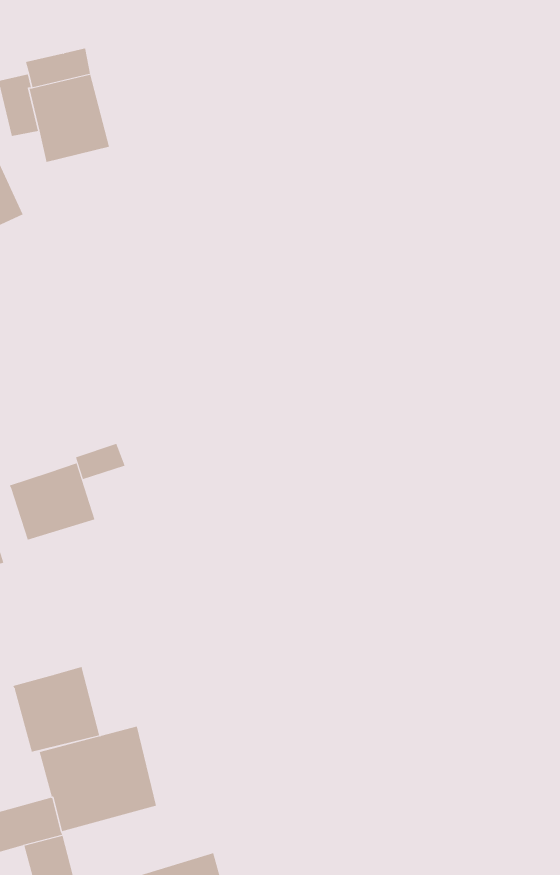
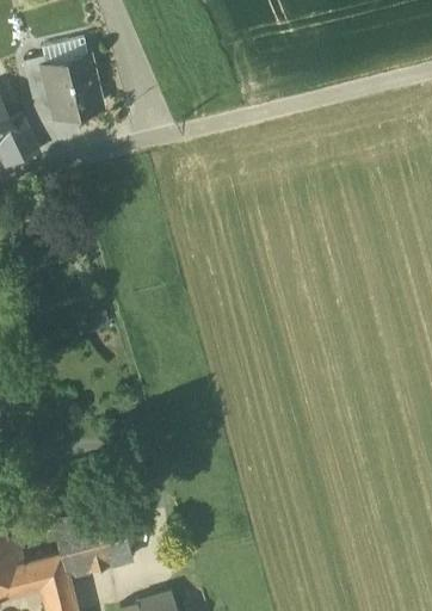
building: [9,463,95,540] -> none
building: [12,666,100,752] -> none

